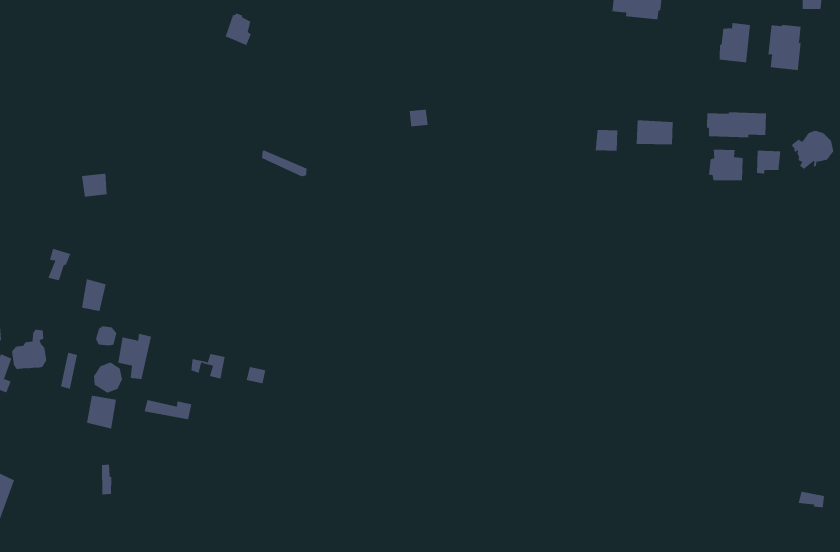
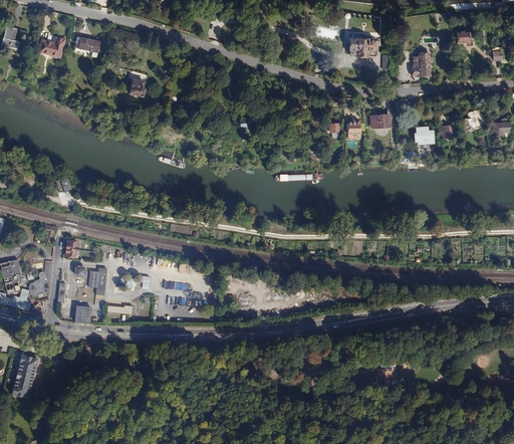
building: [768,24,801,71] -> none
building: [707,112,767,138] -> none

